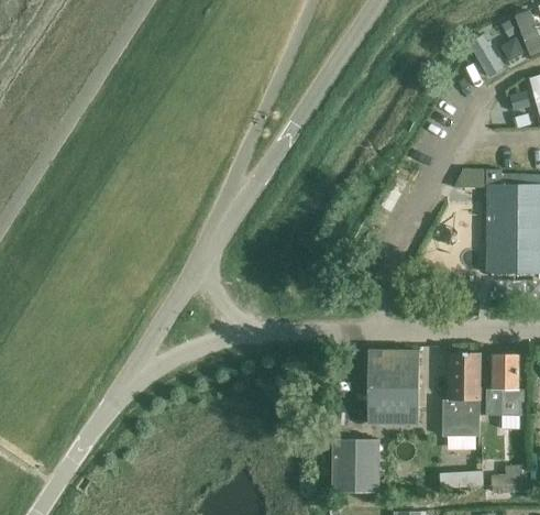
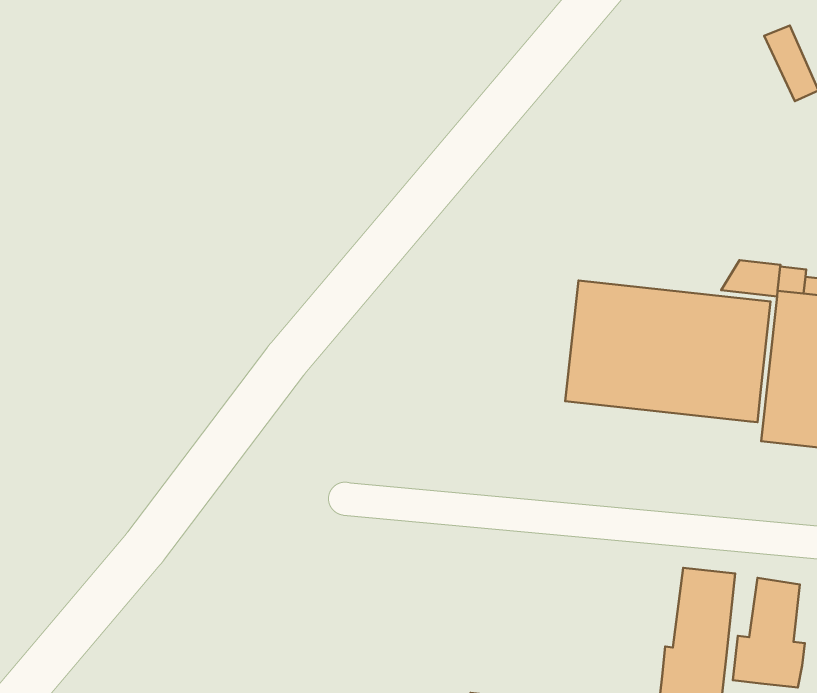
building: none -> [565,281,771,422]
building: [366,350,419,425] -> none

